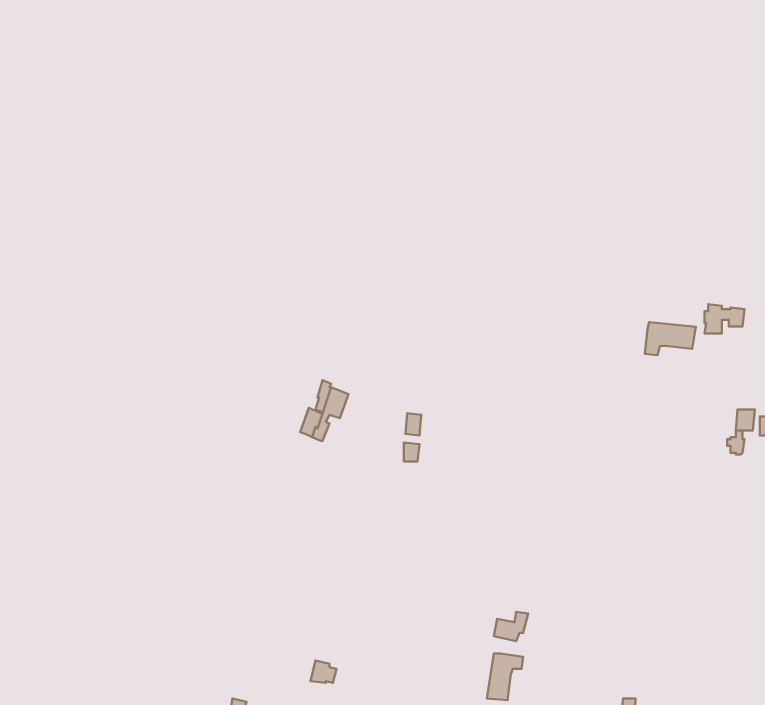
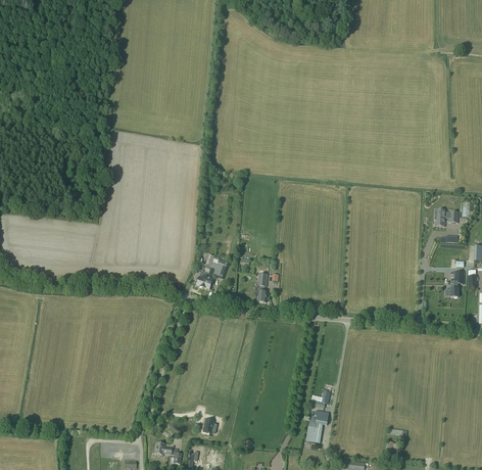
building: [645,322,696,355] -> none

